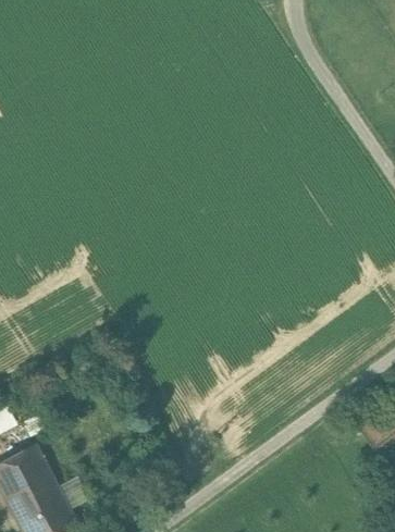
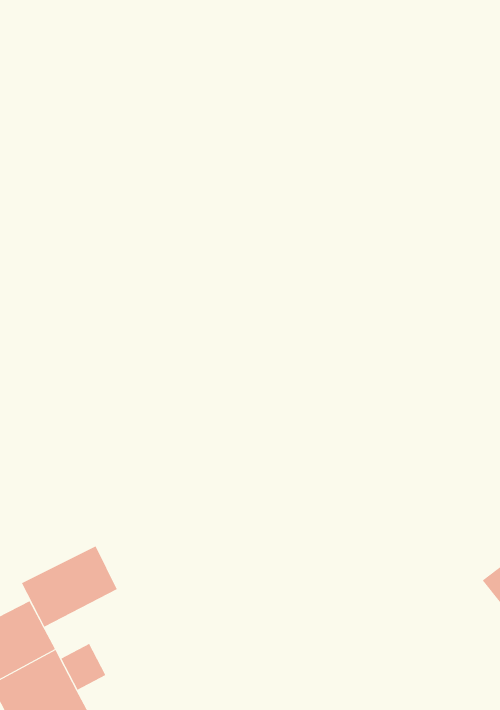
building: none -> [21,546,118,627]

